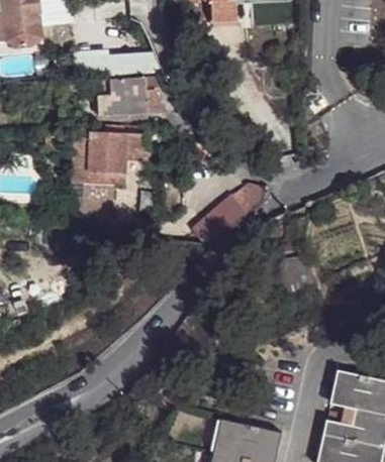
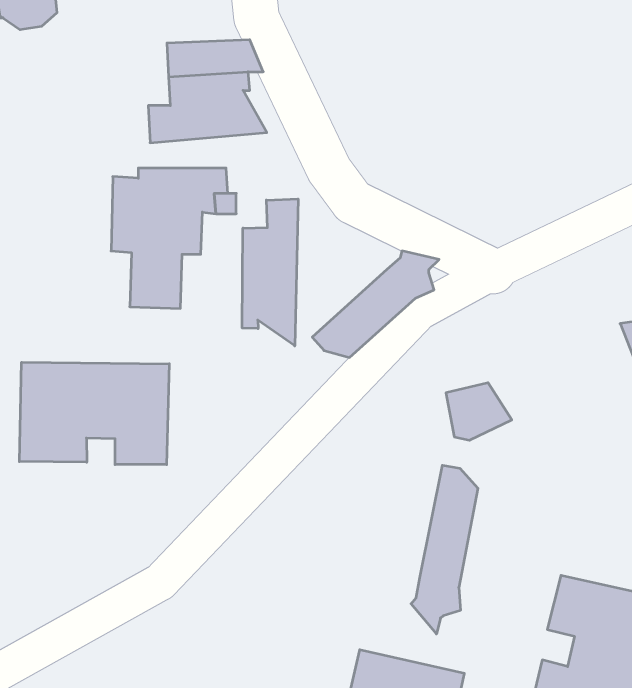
building: none -> [242,199,298,346]
building: none -> [19,362,169,465]
building: none -> [411,465,478,634]

